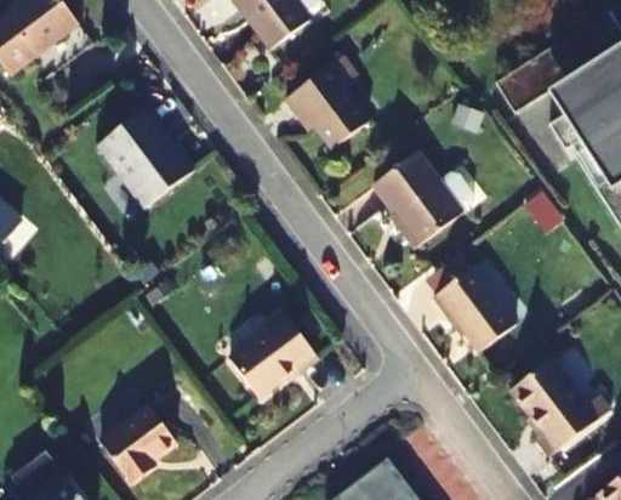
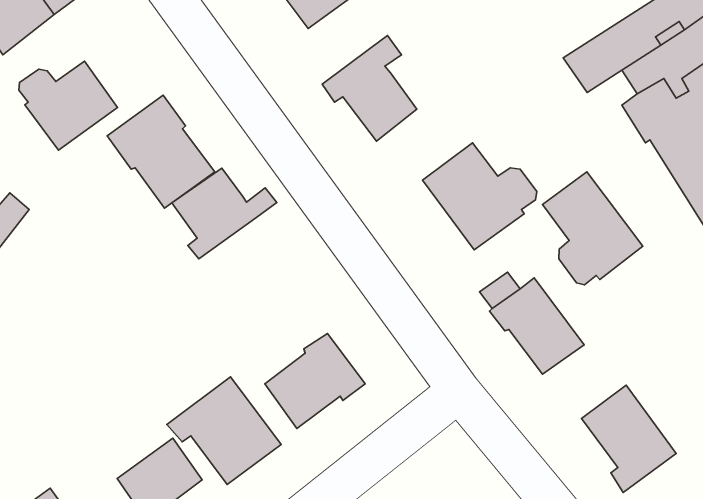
building: none -> [19,61,118,150]
building: none -> [172,168,277,259]
building: none -> [543,172,643,285]
building: none -> [167,377,281,484]

